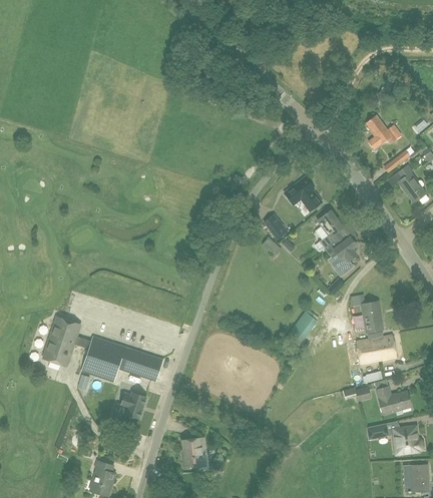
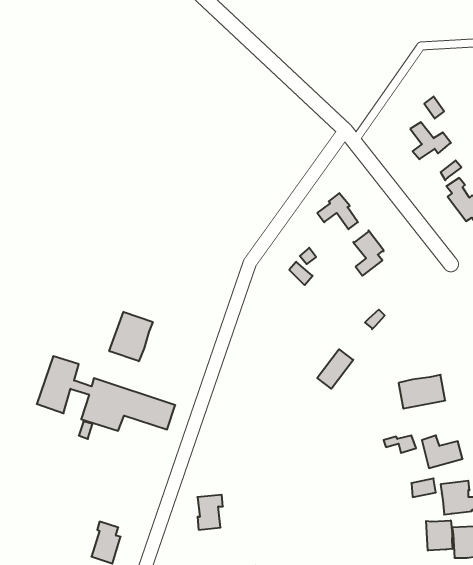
building: [325,235,356,271] -> none
building: none -> [109,312,153,361]
building: [361,301,384,338] -> none
building: [114,392,146,419] -> none
building: none -> [426,520,453,551]

